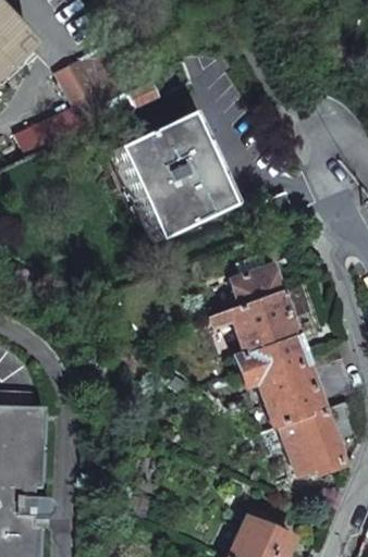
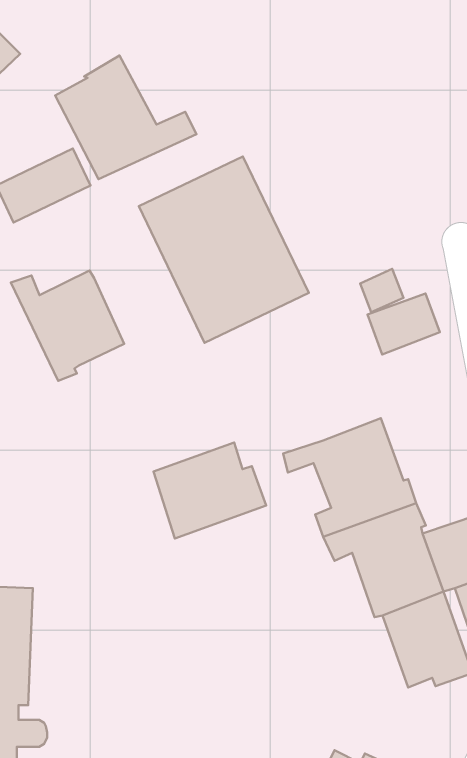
building: none -> [11,270,124,381]
building: [231,265,280,307] -> [368,294,440,355]
building: none -> [153,443,266,539]

